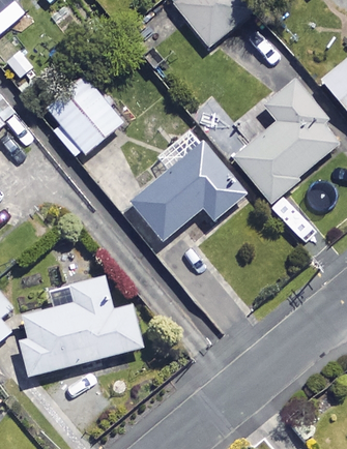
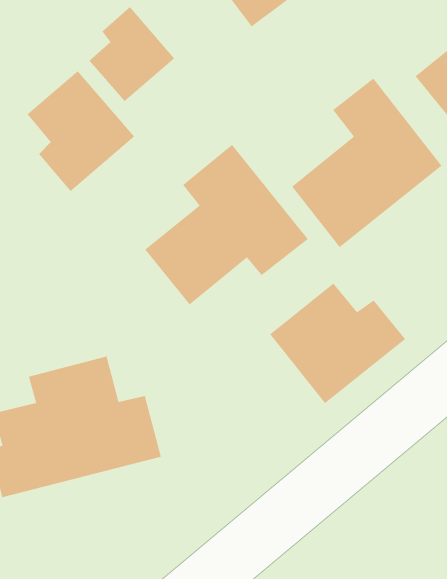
building: none -> [89,6,175,102]
building: none -> [269,282,406,404]

